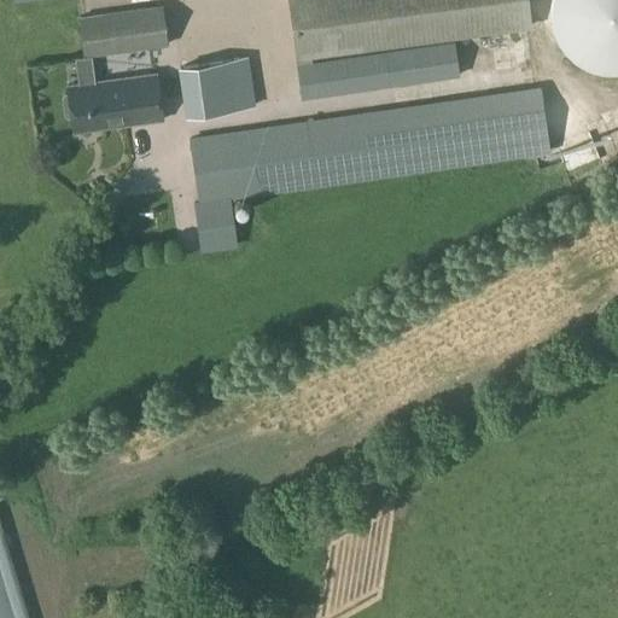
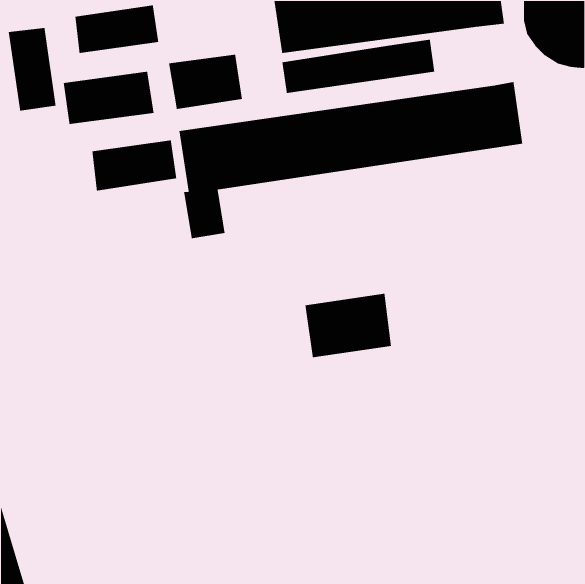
building: none -> [8,27,56,111]
building: none -> [91,139,177,192]
building: none -> [304,293,392,358]

